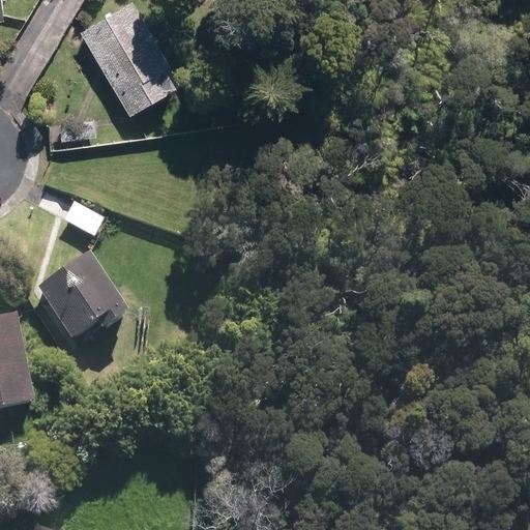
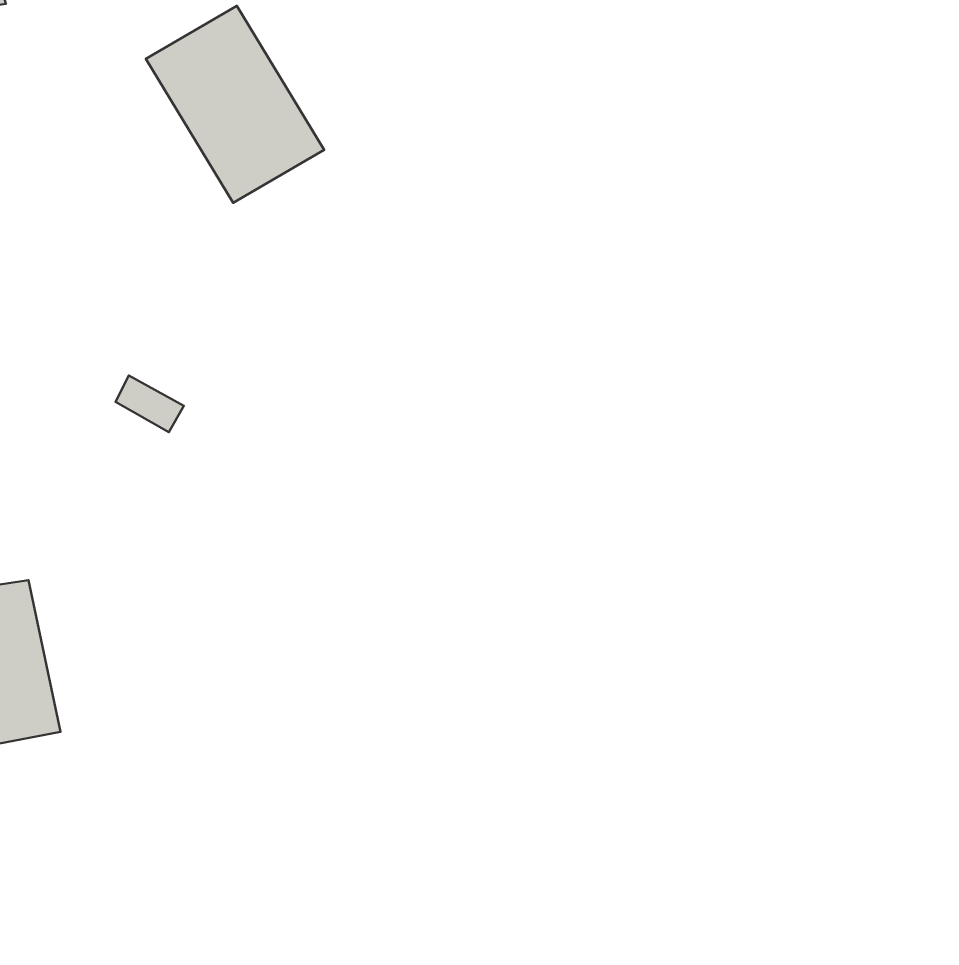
building: [39,256,129,340] -> none

